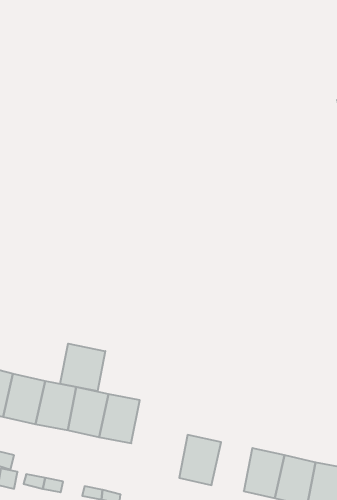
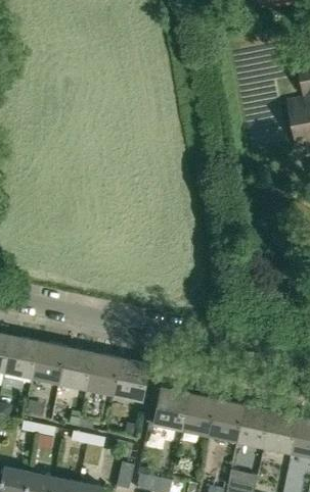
building: [60,344,105,391] -> none
building: none -> [114,358,149,401]
building: none -> [182,394,217,436]

